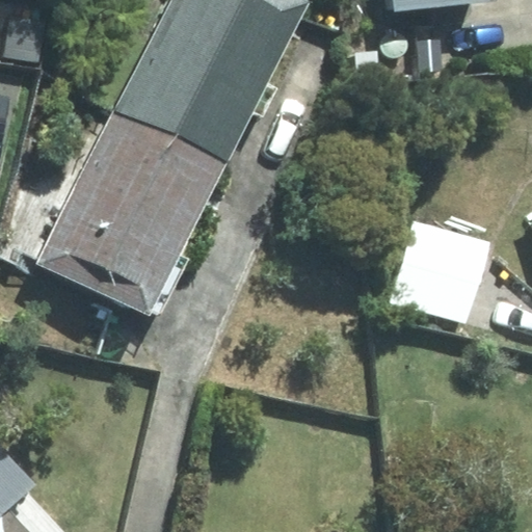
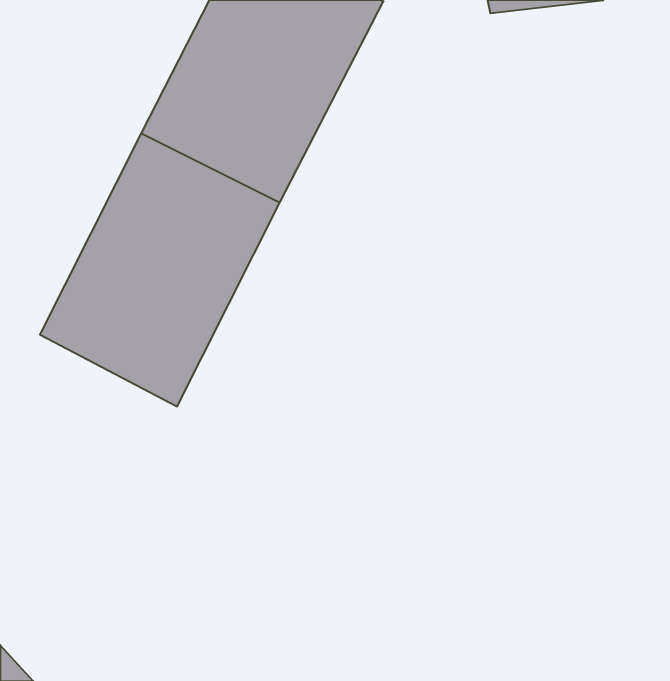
building: [389,218,495,324] -> none

